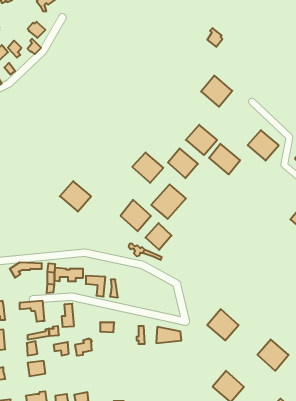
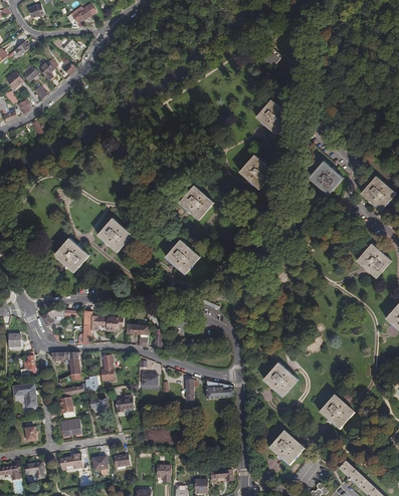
building: [209,144,240,174] -> none
building: [168,148,198,178] -> none
building: [151,184,186,219] -> none
building: none -> [54,237,89,271]
building: [145,223,172,250] -> none

